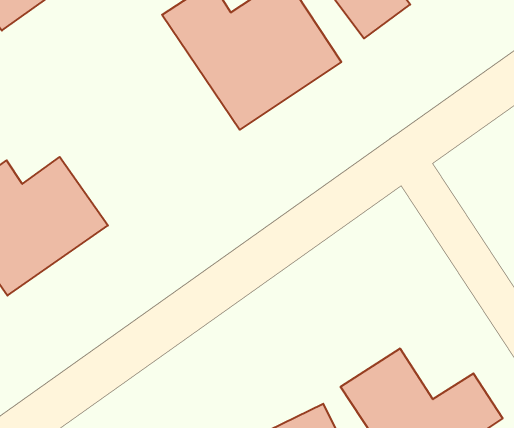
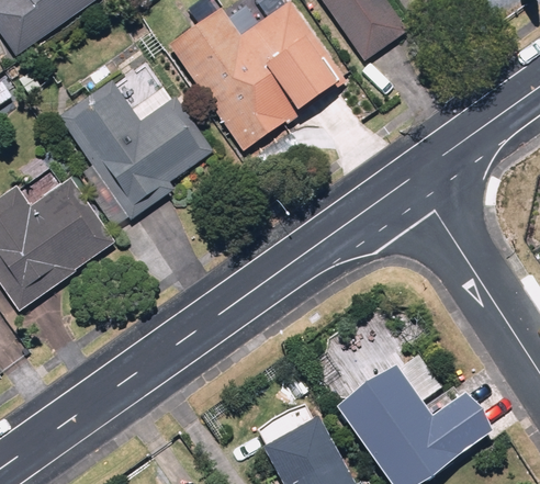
building: none -> [54,76,215,221]

